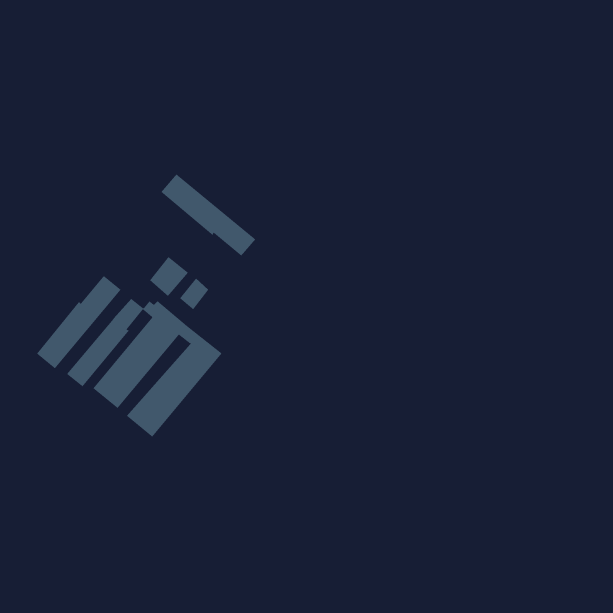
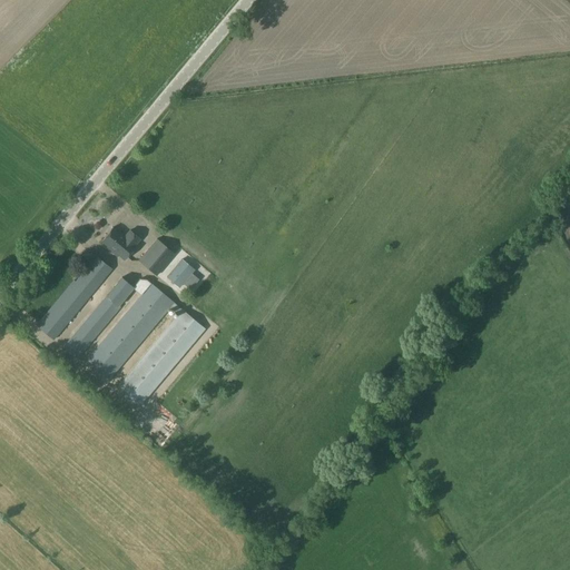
building: [161,174,256,256] -> none
building: none -> [102,226,140,258]

